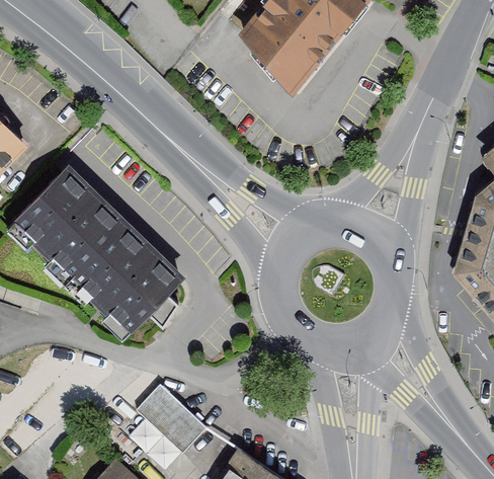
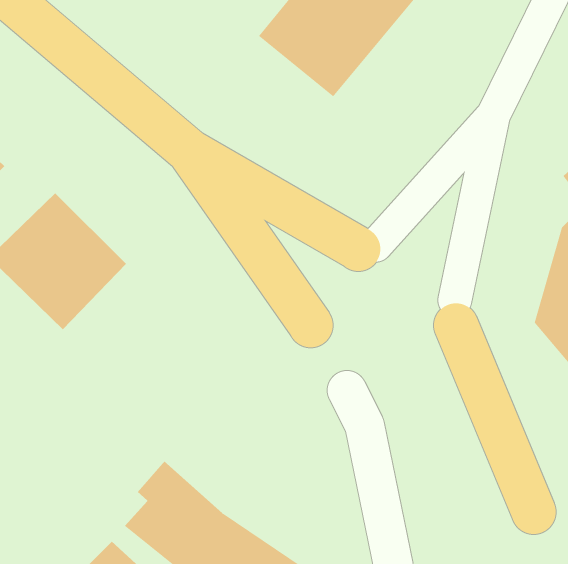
building: [76,226,185,335] -> none

